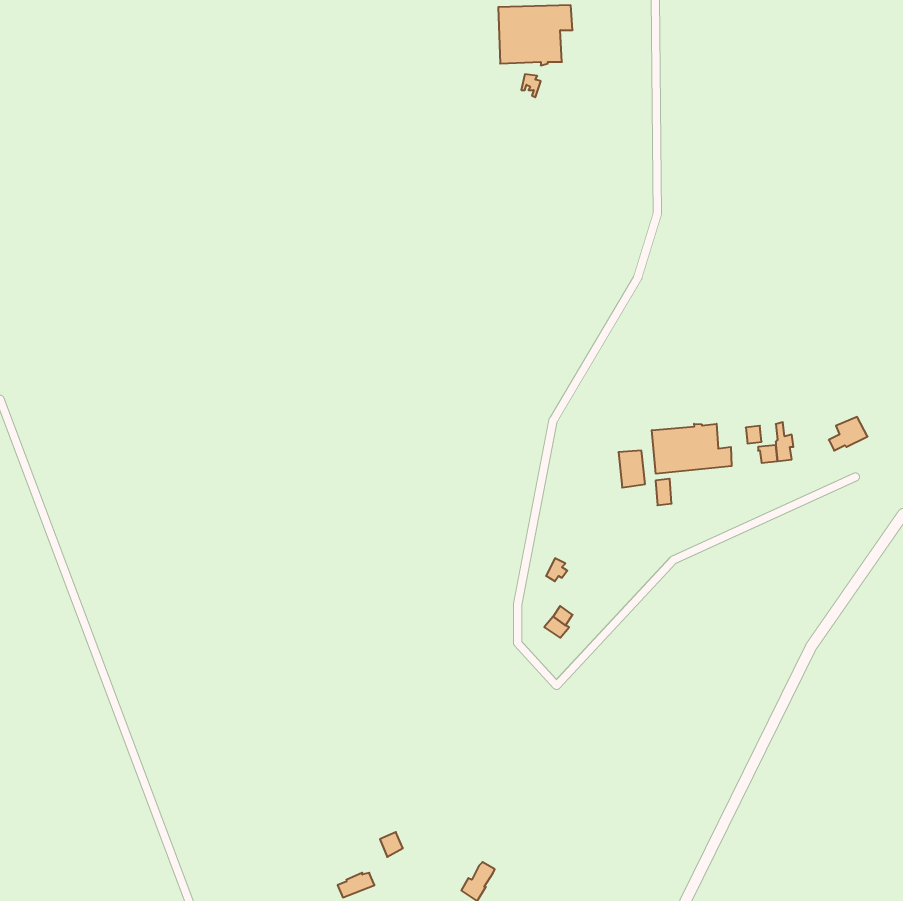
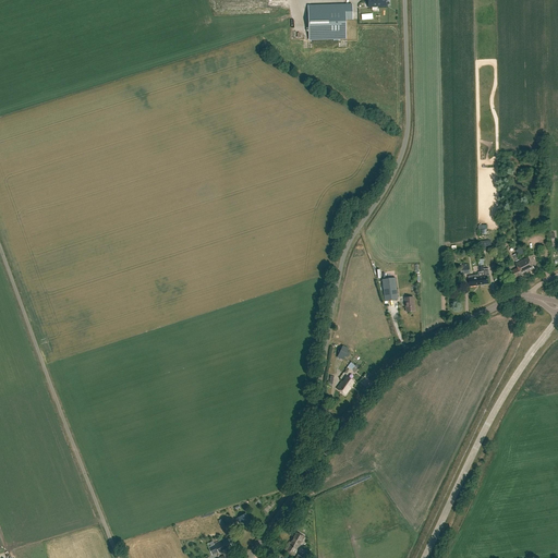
building: [652,424,732,474] -> none

